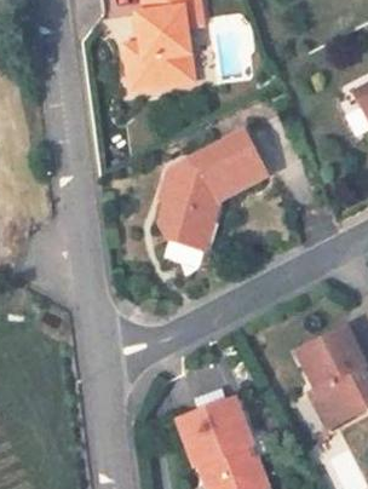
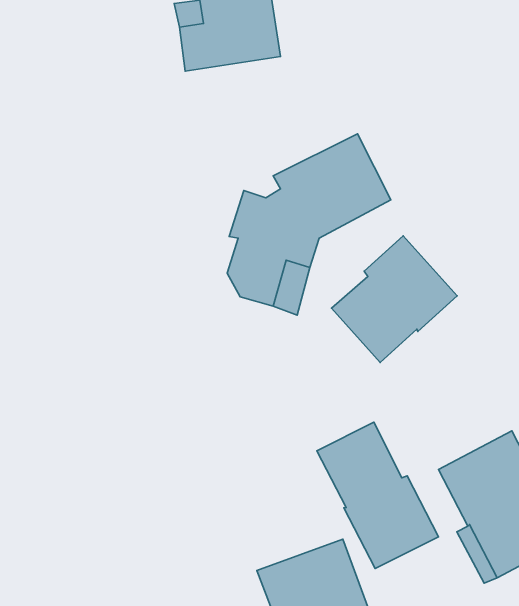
building: none -> [332,236,457,363]
building: none -> [317,422,438,569]

